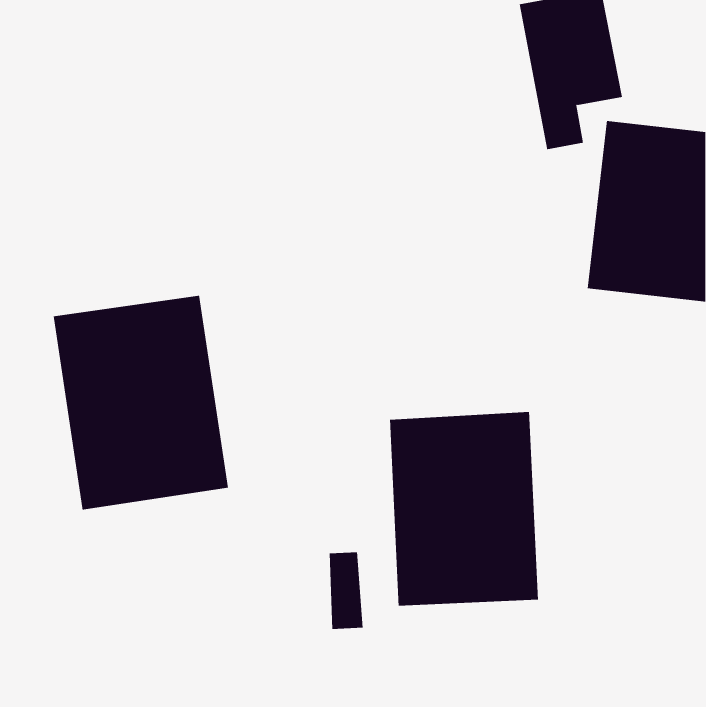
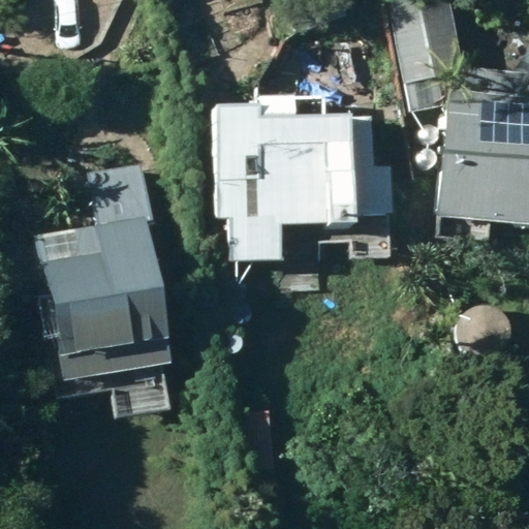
building: none -> [212,96,394,259]
building: [389,411,538,607] -> none

